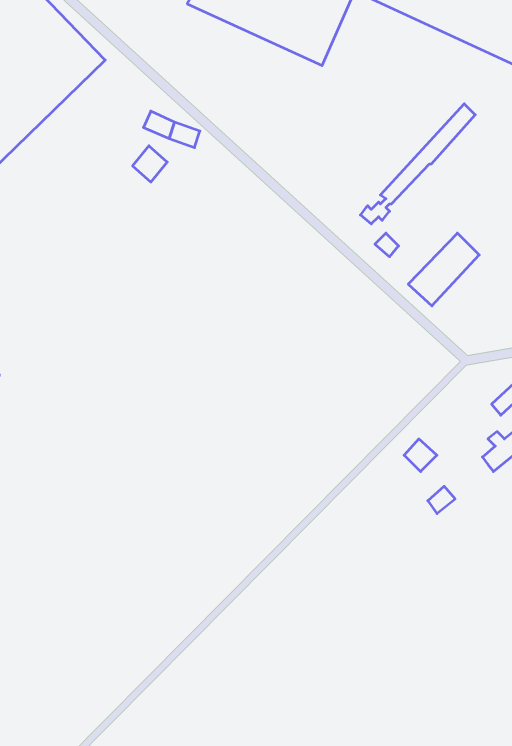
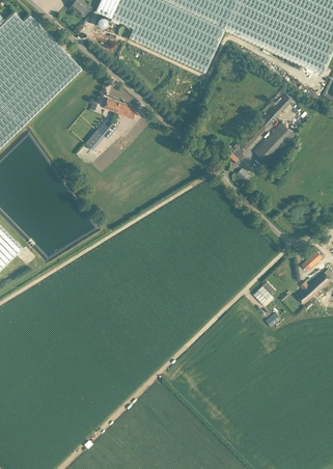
building: [408,233,479,306] -> [250,121,290,163]

